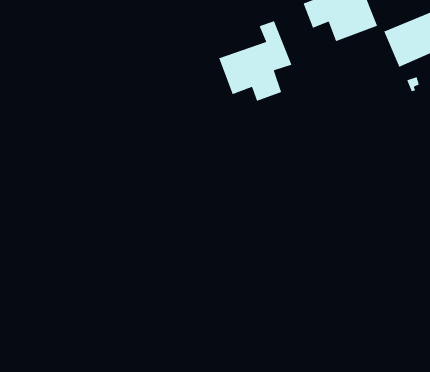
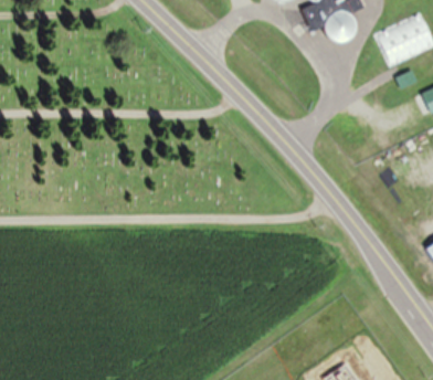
building: [218,20,292,102] -> none

